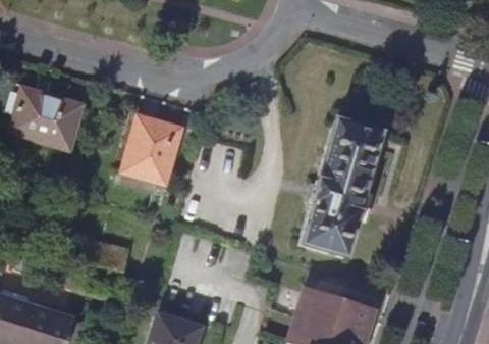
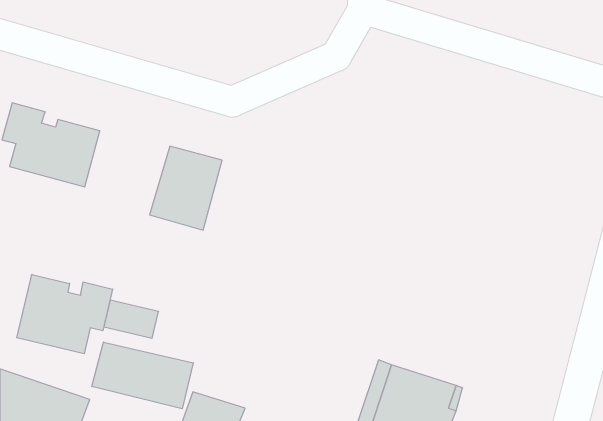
building: [302,118,383,257] -> none
building: none -> [17,274,113,354]
building: none -> [92,342,193,409]

